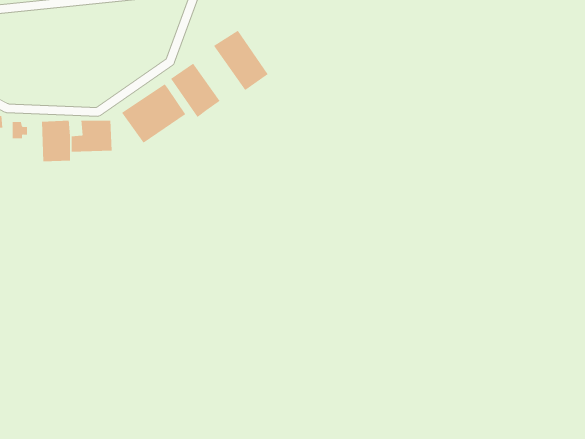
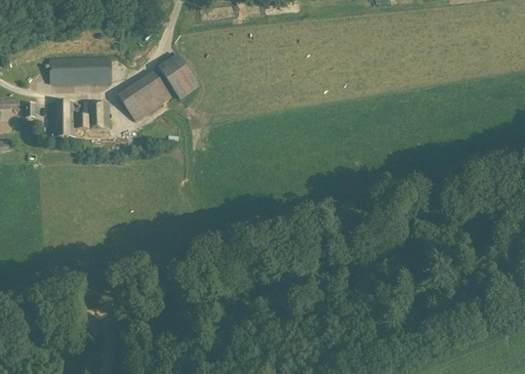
building: [213,30,269,91] -> none
building: none -> [49,57,112,84]

